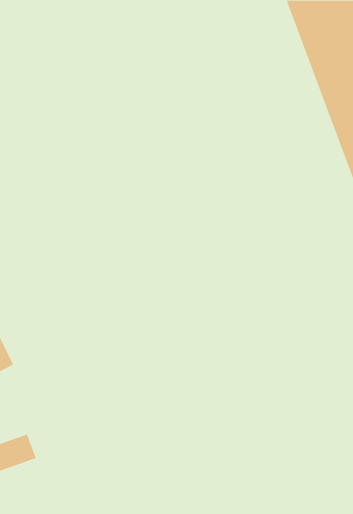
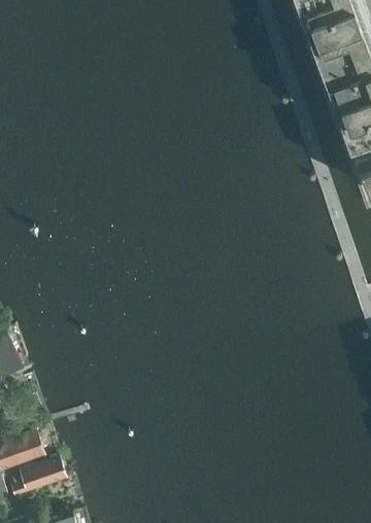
building: none -> [15,461,67,497]

